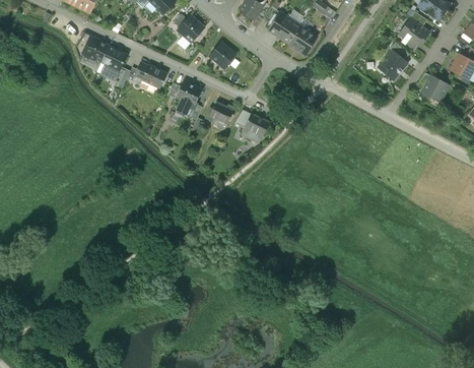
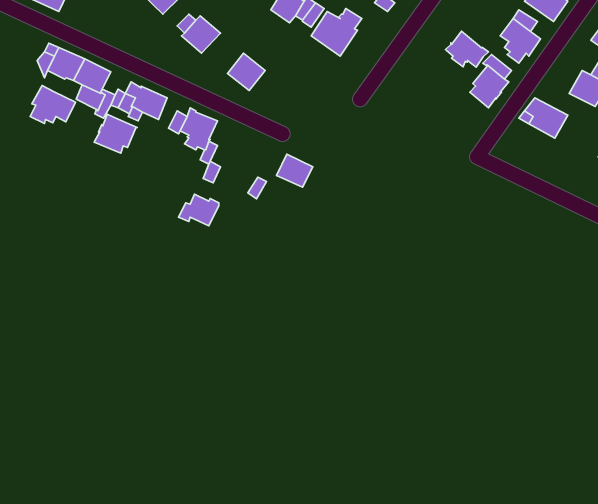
building: [288,26,317,55] -> none
building: none -> [446,31,488,67]
building: none -> [30,85,76,123]
building: none -> [94,114,137,153]
building: [205,103,233,125] -> [179,194,219,226]

